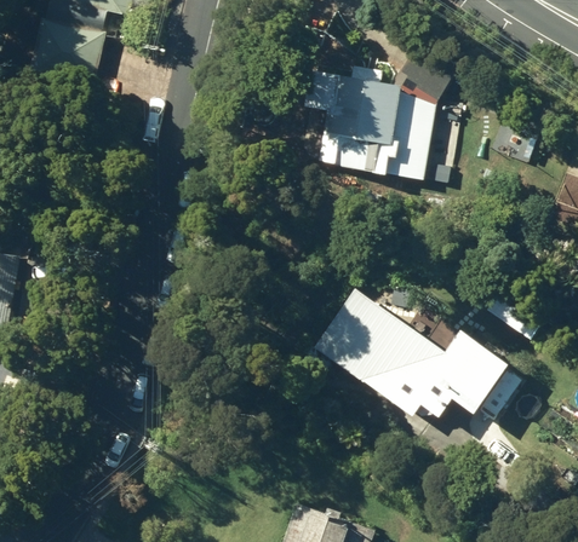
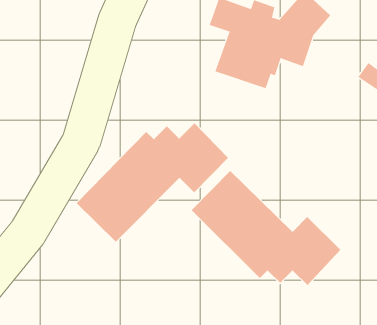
building: none -> [76,122,229,243]

